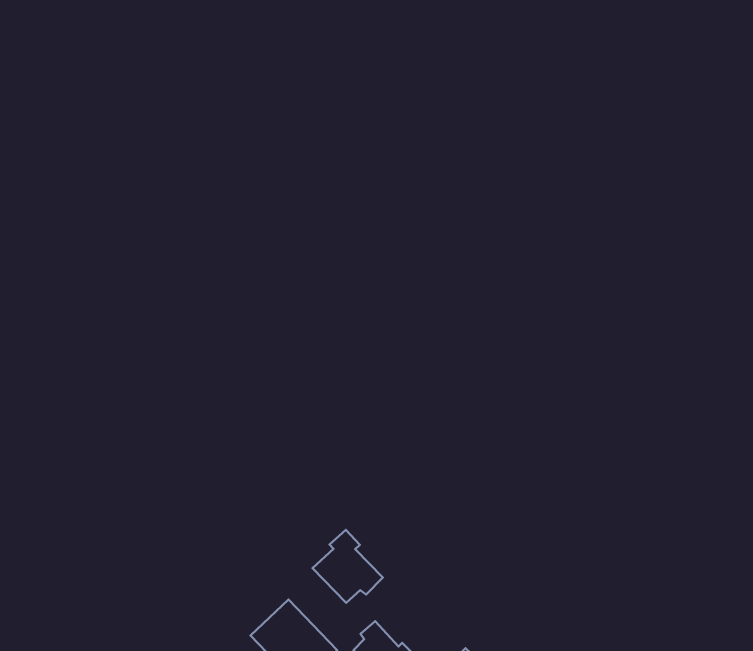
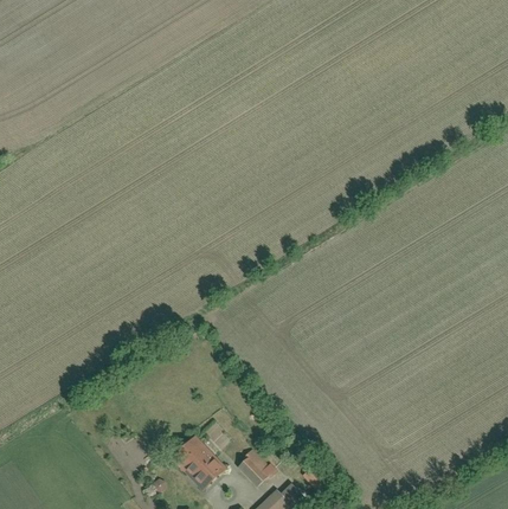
building: [313,530,383,603] -> none

